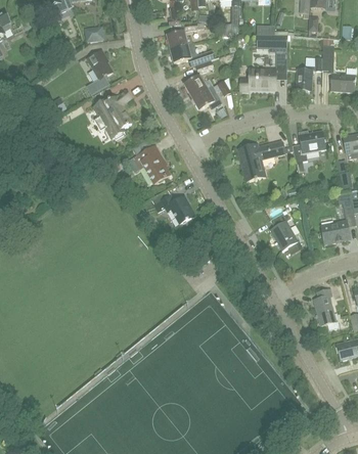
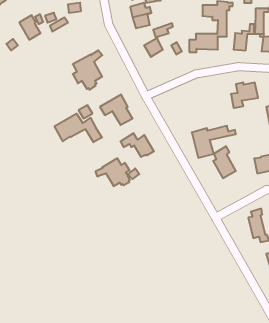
building: [87,49,114,80] -> [19,15,41,40]
building: [192,86,222,109] -> none
building: [238,140,294,180] -> [192,126,236,158]
building: none -> [55,114,102,142]
building: none -> [96,158,130,186]

